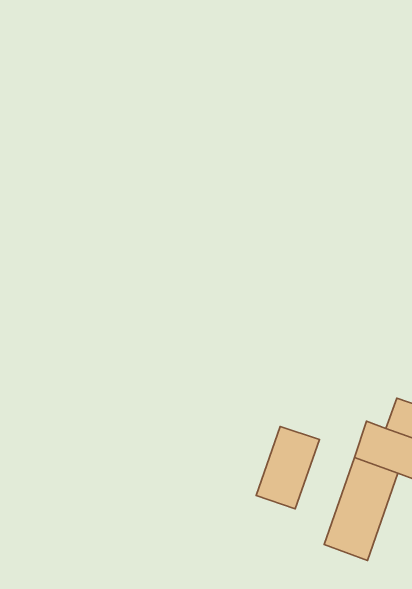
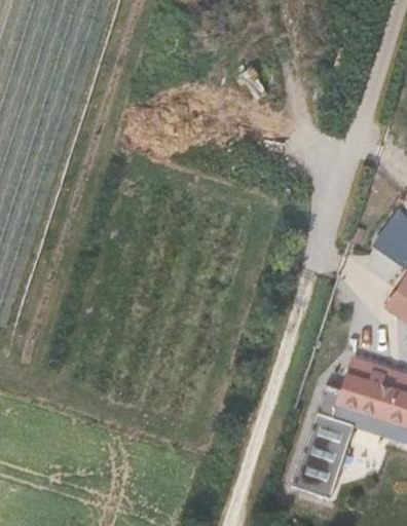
building: [256,426,319,509] -> none

